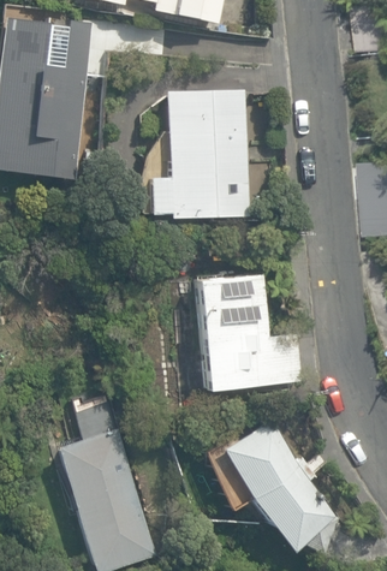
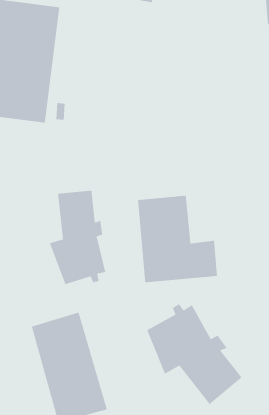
building: [141,89,242,214] -> none
building: none -> [49,190,106,285]

